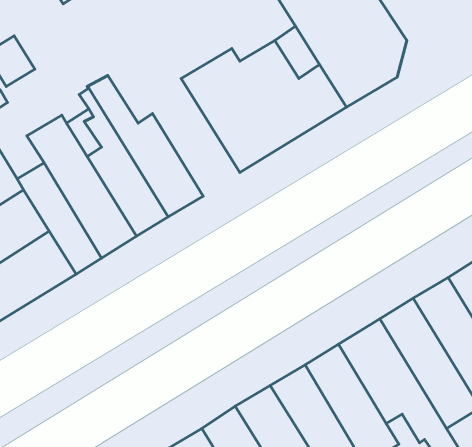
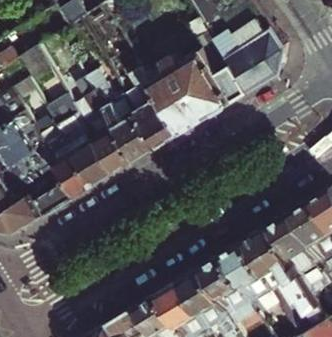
building: none -> [126,71,178,149]

